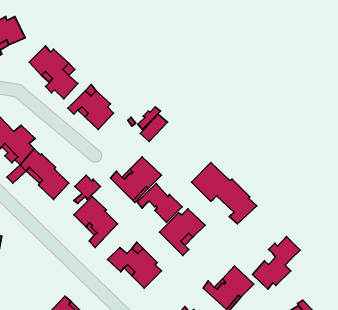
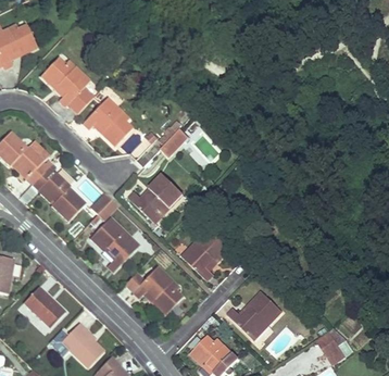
building: [191,163,257,224] -> none
building: [137,183,182,222] -> none
building: [252,236,300,289] -> none
building: none -> [23,287,64,328]

